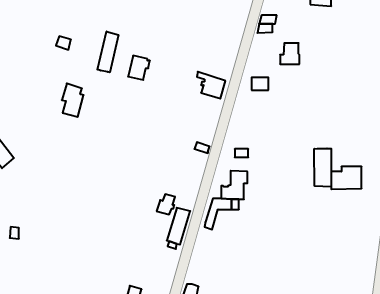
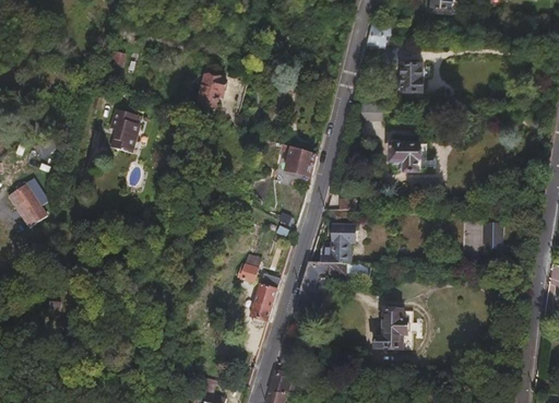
building: [97,31,118,72] -> none
building: [197,72,225,99] -> [280,144,317,179]
building: none -> [390,139,418,167]
building: [314,148,331,187] -> none
building: none -> [376,309,413,348]

